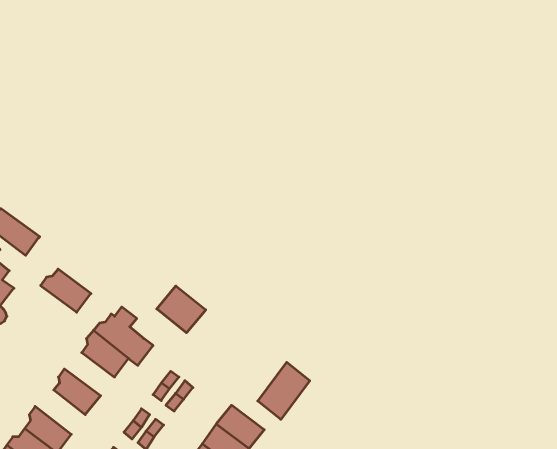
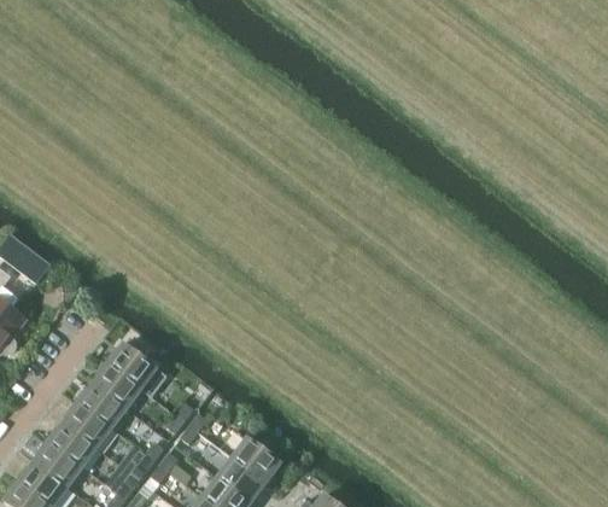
building: [41,269,91,312] -> [75,384,127,429]
building: [157,286,206,333] -> none
building: [258,362,310,419] -> none
building: none -> [45,422,97,468]

